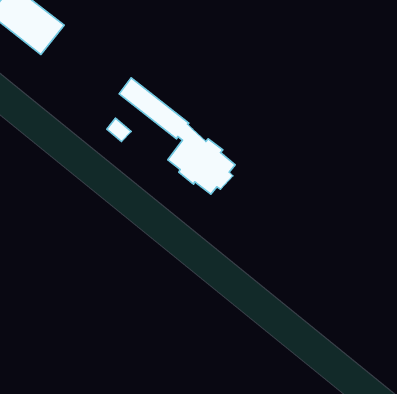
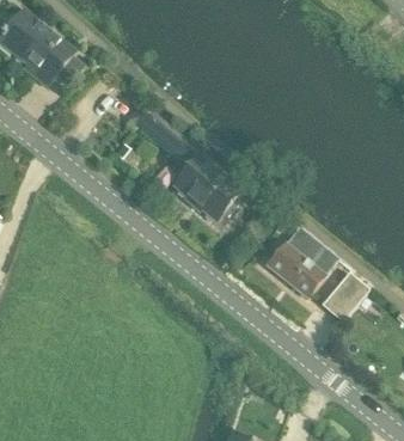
building: none -> [269,226,338,295]
building: none -> [322,271,369,320]

